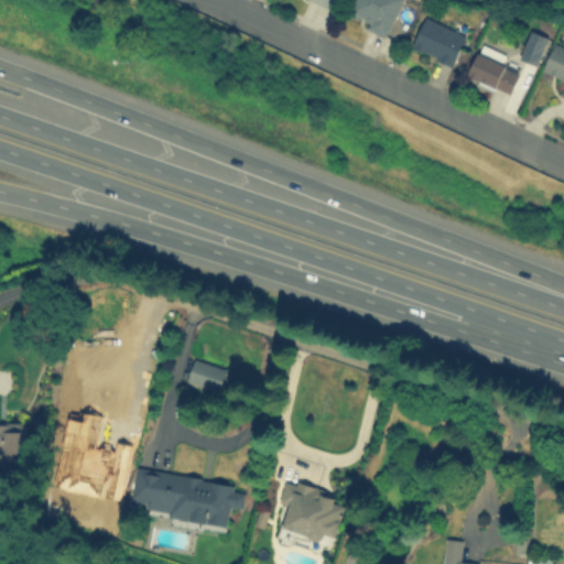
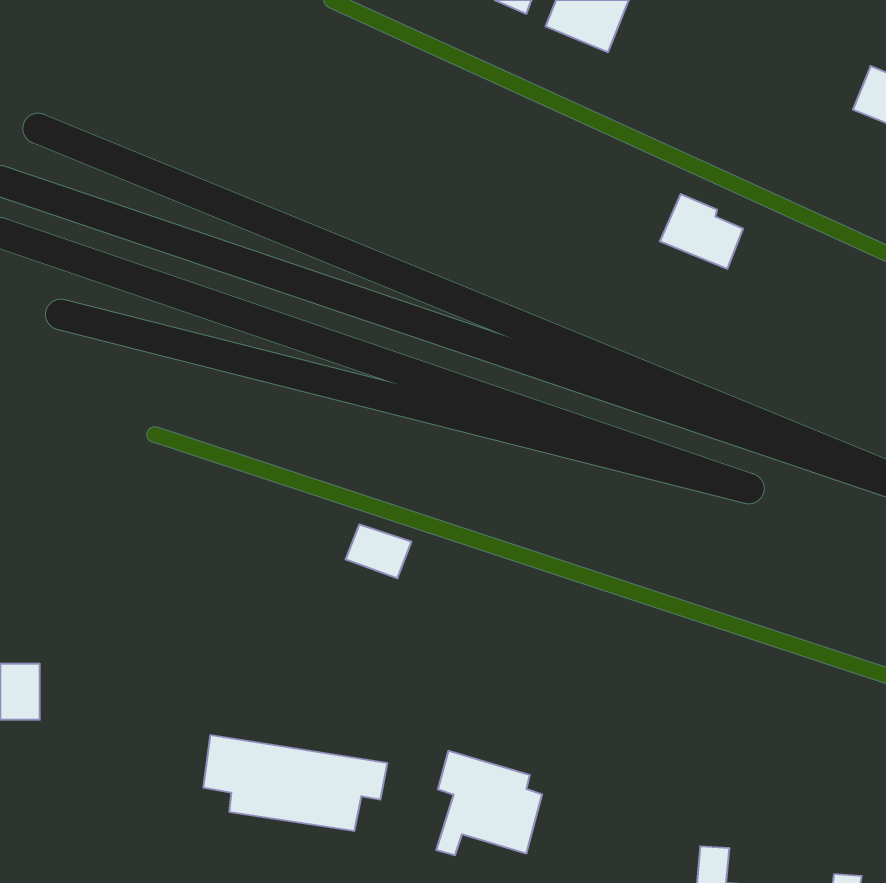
building: [411,19,465,67] -> none
building: [519,32,547,67] -> none
building: [467,48,520,96] -> [660,194,743,269]
building: [185,359,227,393] -> [345,524,411,578]

